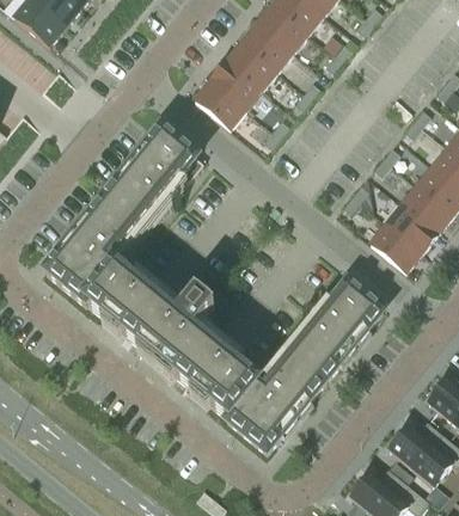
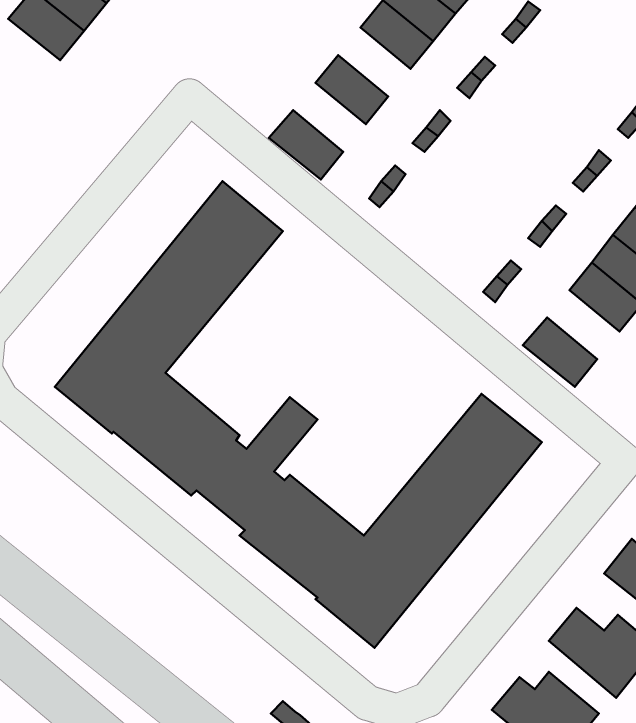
building: [241,22,292,69] -> none
building: [210,60,261,108] -> none
building: [386,203,436,251] -> none

